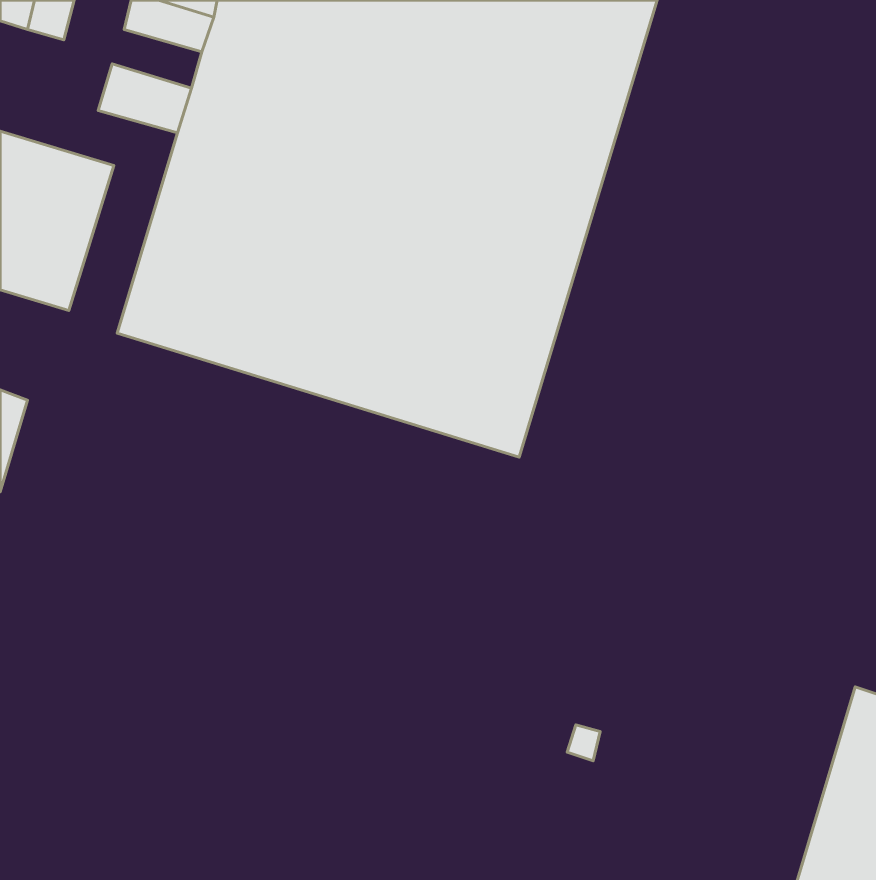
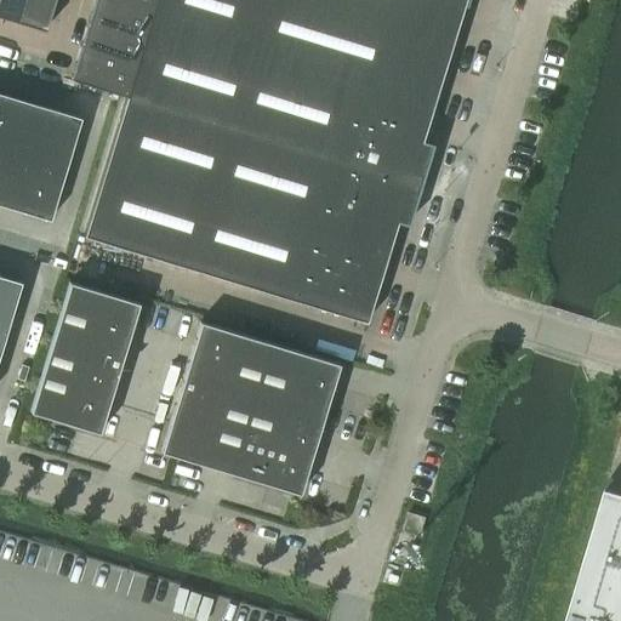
building: none -> [82,22,146,63]
building: none -> [32,281,141,433]
building: none -> [163,321,341,494]

